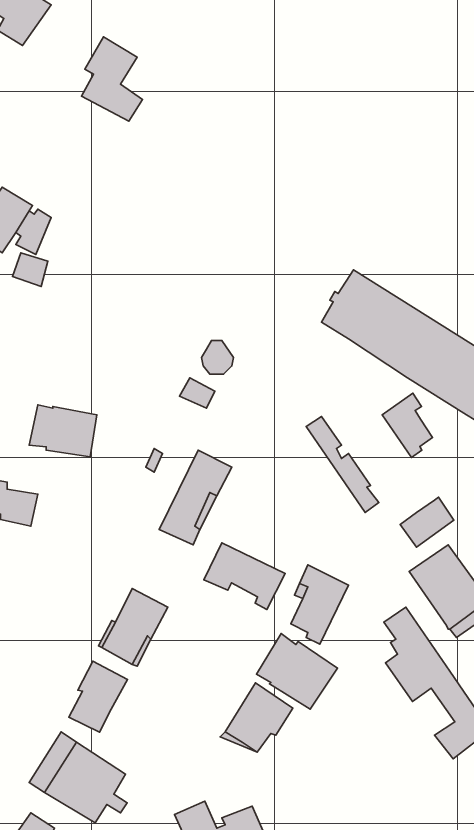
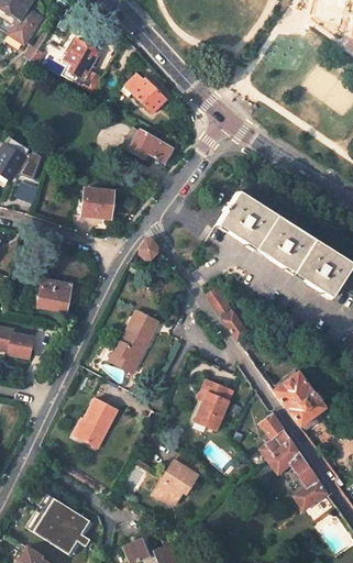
building: none -> [124,77,165,114]
building: none -> [126,133,170,165]
building: none -> [73,188,112,219]
building: [382,393,433,457] -> none
building: [400,497,454,547] -> none
building: [204,543,285,609] -> none
building: [257,633,337,709] -> none
building: [69,661,128,732] -> none

